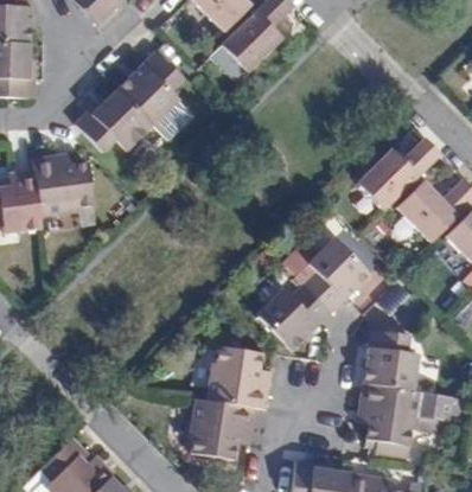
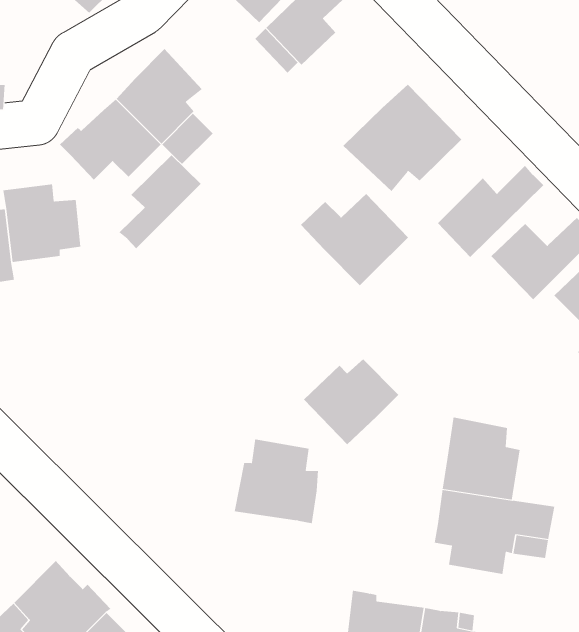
building: none -> [343,84,462,192]
building: none -> [119,155,201,249]
building: [286,242,368,312] -> [300,193,409,286]
building: [191,398,254,459] -> none

